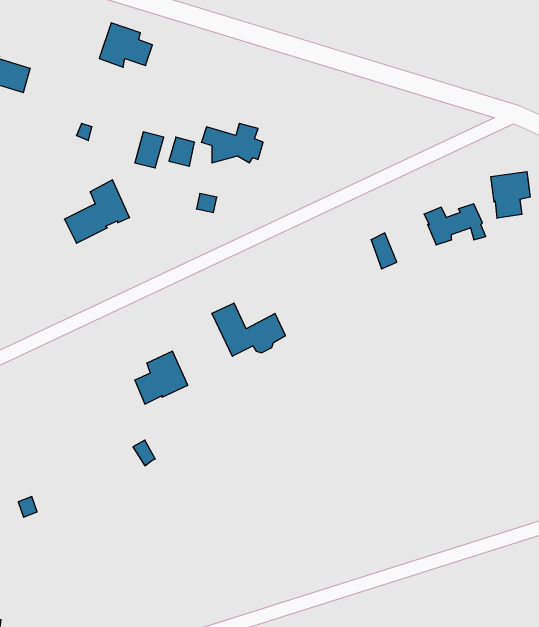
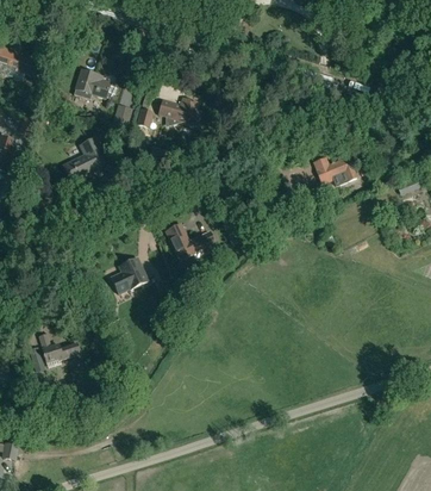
building: [99,23,152,67] -> [73,69,110,100]
building: [491,172,530,218] -> none
building: none -> [37,334,79,362]

